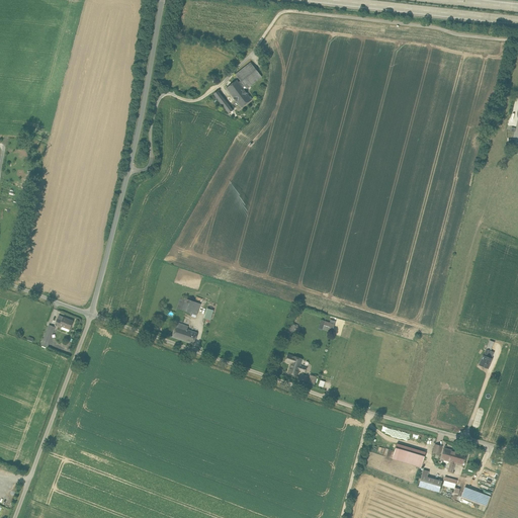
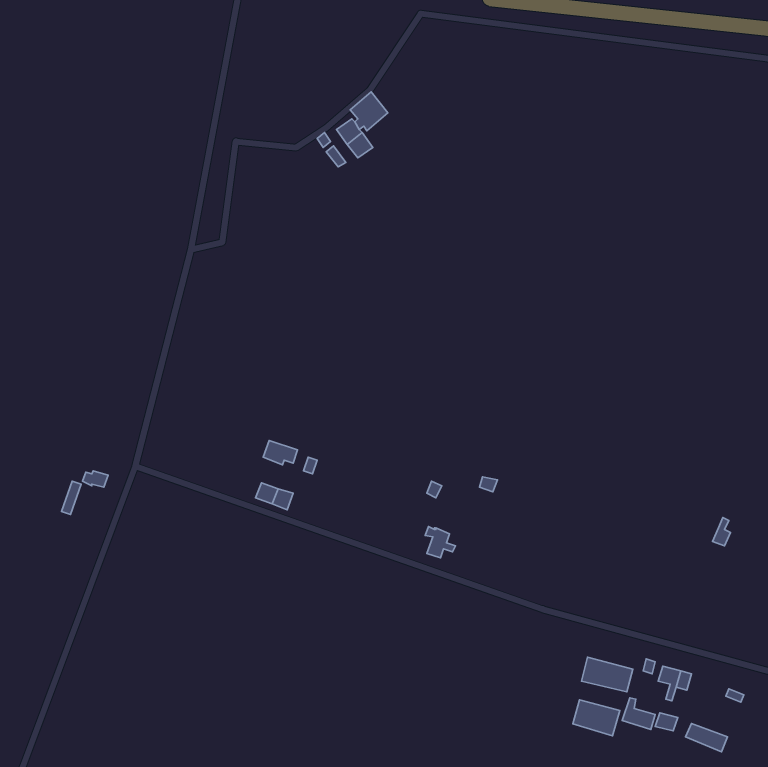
building: none -> [573,700,620,736]

